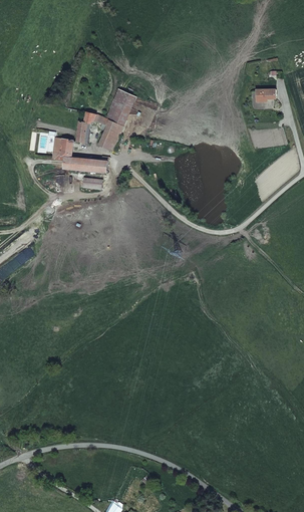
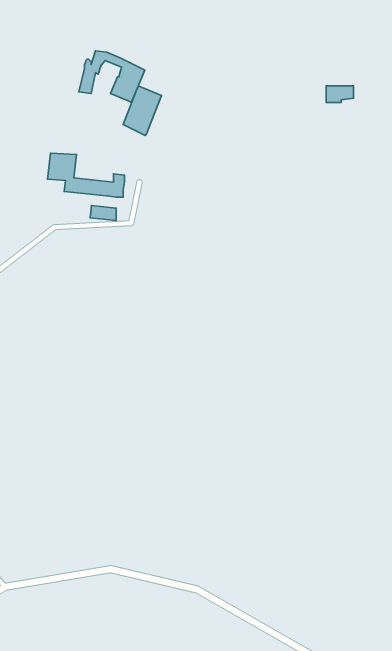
building: [74,112,122,151] -> [79,51,145,103]

